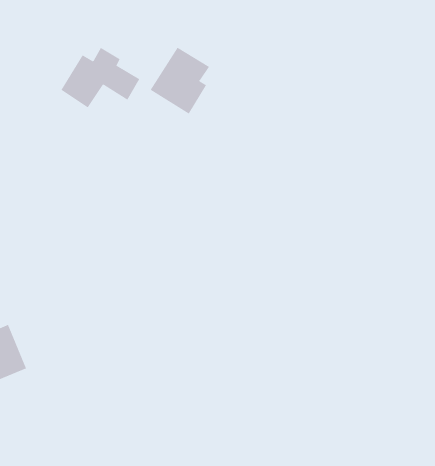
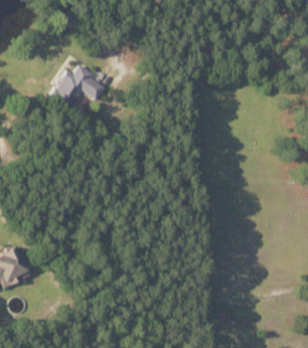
building: [150,47,210,114] -> none

